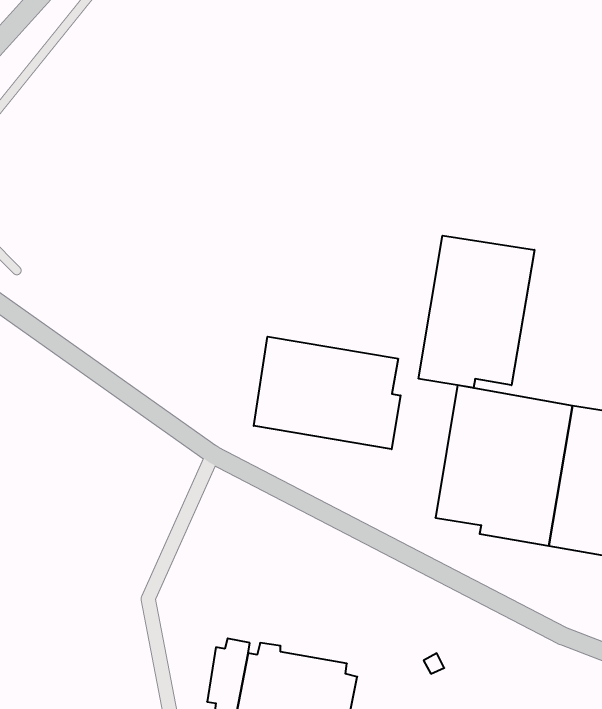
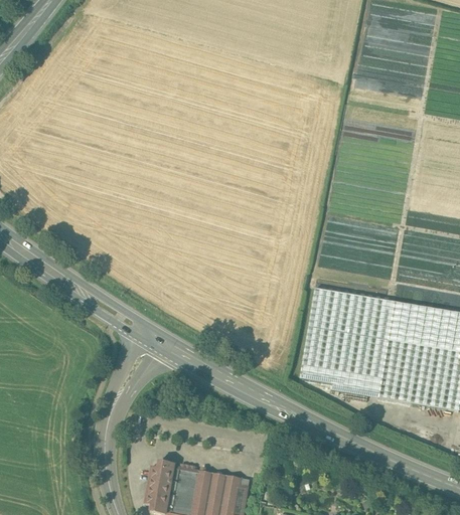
building: [419,236,534,388] -> none
building: [254,337,401,449] -> none

